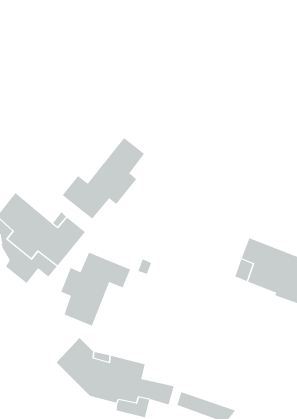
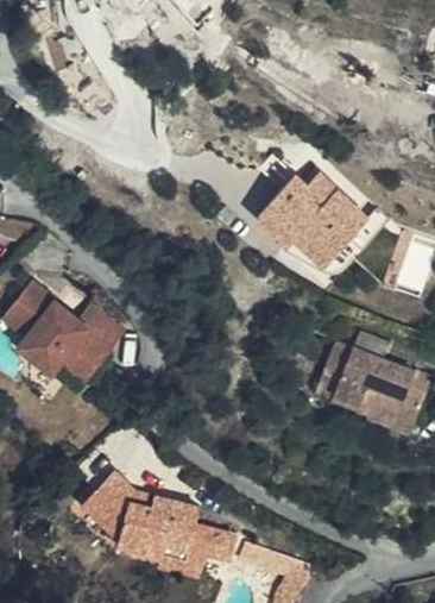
building: none -> [259,168,373,270]
building: [62,137,145,220] -> none
building: [60,252,131,326] -> none

